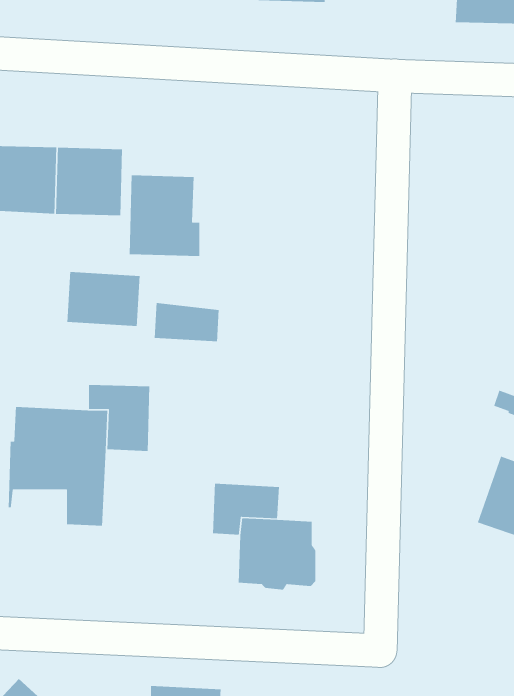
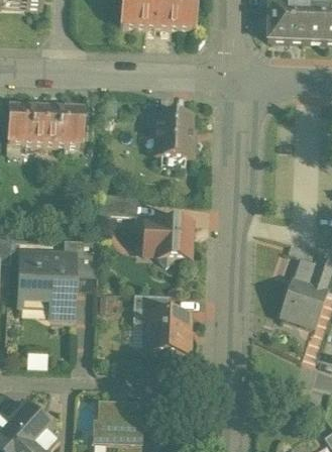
building: [129,175,200,257] -> [156,112,196,157]
building: [67,271,140,327] -> none
building: none -> [143,221,193,265]

